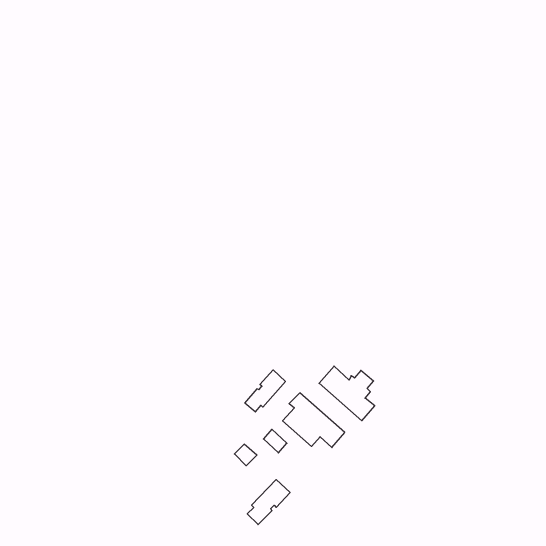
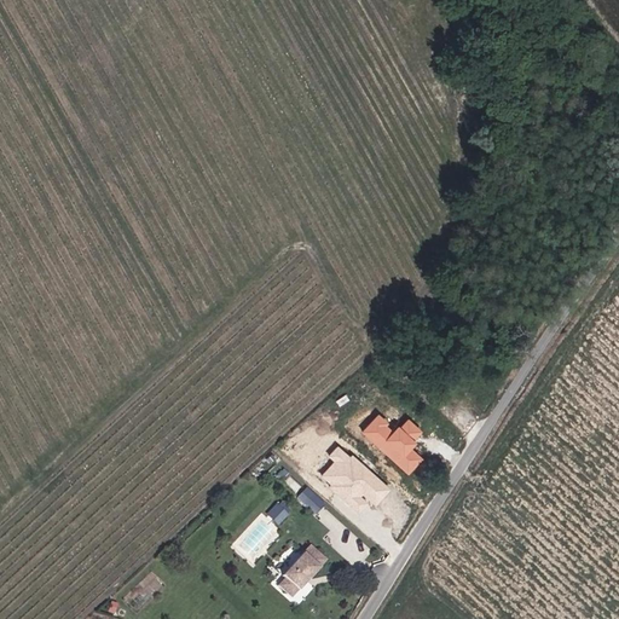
building: [245,370,285,412] -> none

